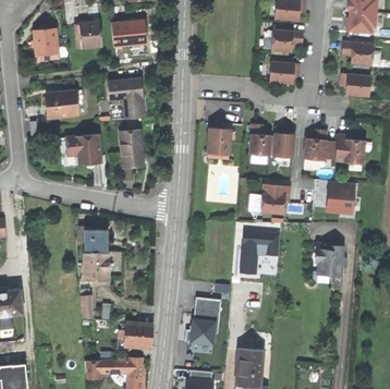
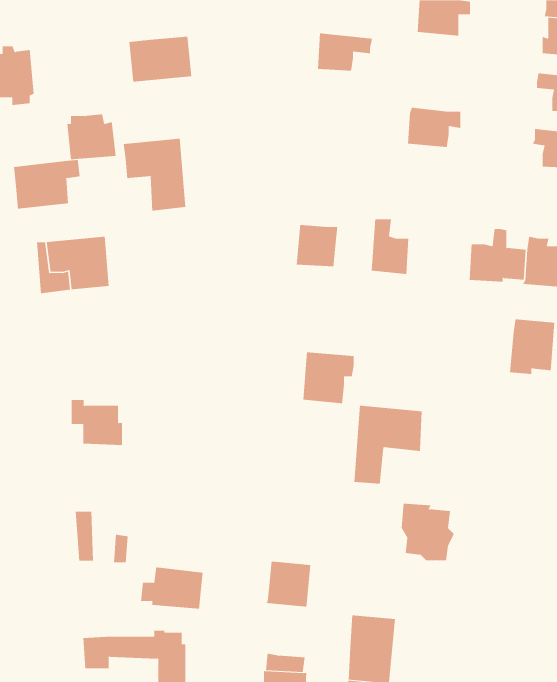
building: [74,23,102,49] -> [66,114,116,160]
building: [271,29,303,51] -> [317,33,373,71]
building: [272,127,294,158] -> none
building: [119,130,142,163] -> none
building: [260,184,290,214] -> [302,352,354,404]
building: [315,243,345,276] -> [401,503,455,561]
building: [77,252,108,280] -> none
building: [193,297,219,332] -> none

